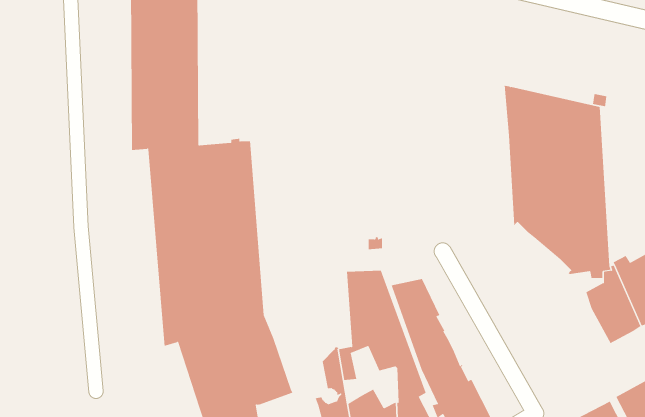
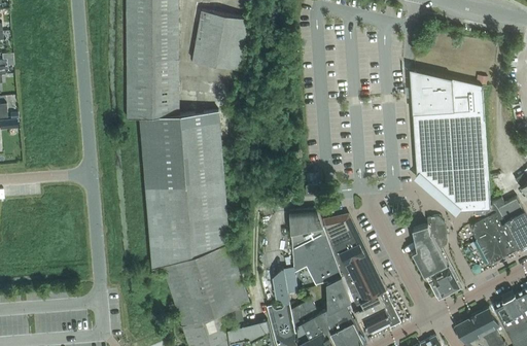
building: none -> [191,11,248,70]
building: none -> [412,217,459,299]

